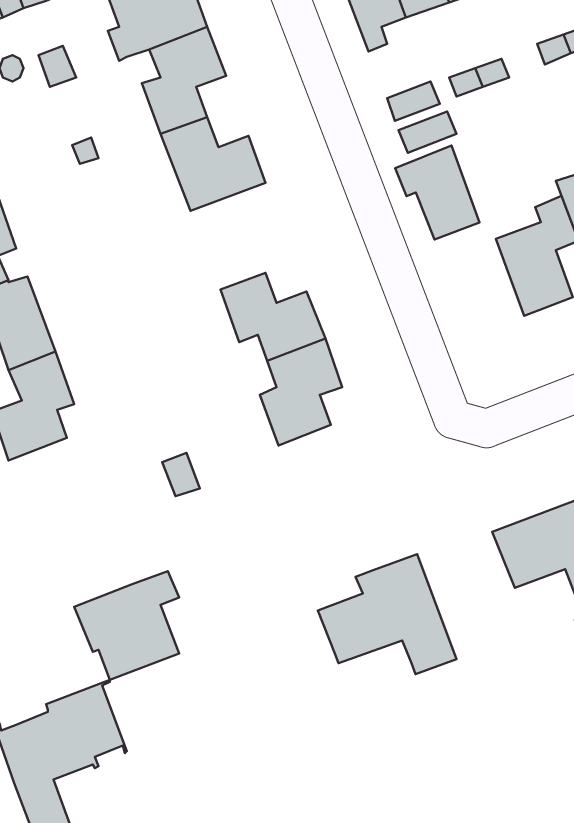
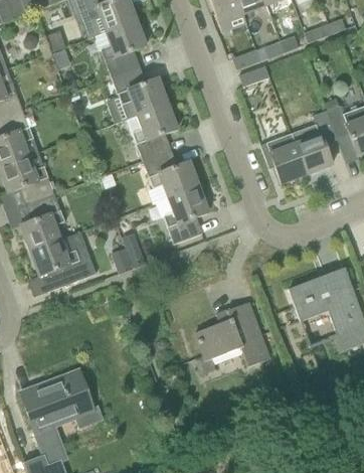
building: [395,146,479,239] -> [260,133,306,183]
building: none -> [127,103,177,160]
building: [74,571,179,680] -> [29,232,85,291]

